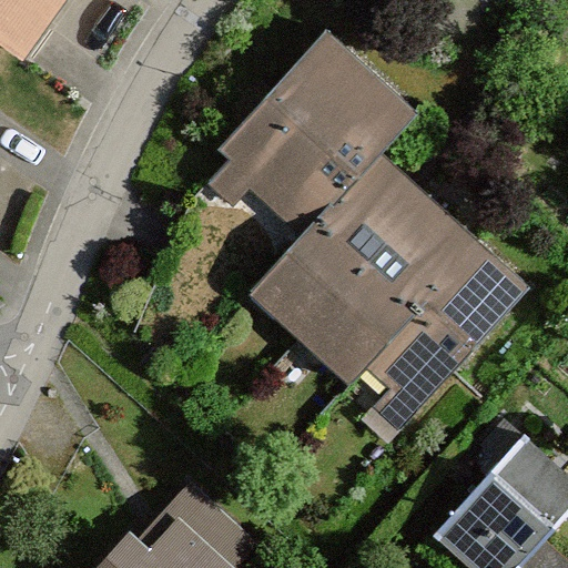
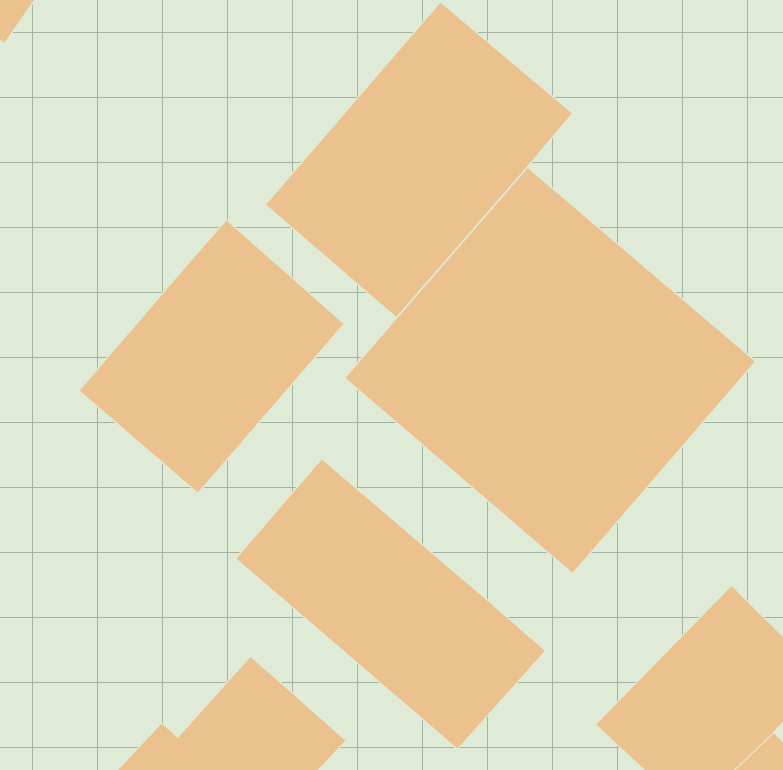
building: none -> [79,220,344,494]
building: none -> [236,458,546,749]

